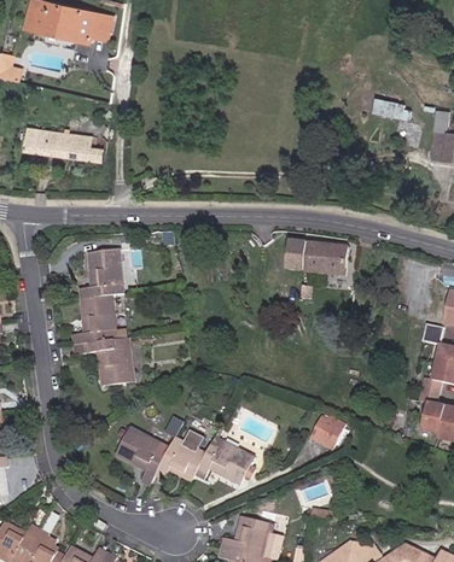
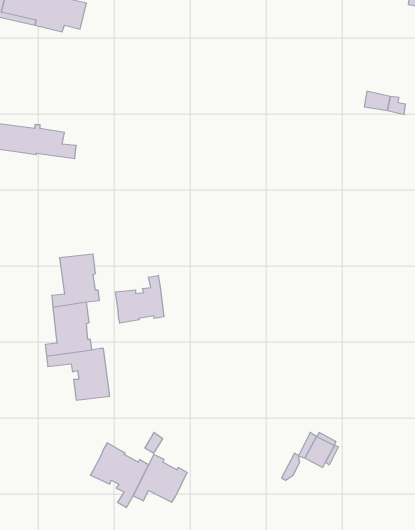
building: [286,240,347,275] -> none
building: none -> [115,275,164,323]
building: [194,437,255,485] -> none

